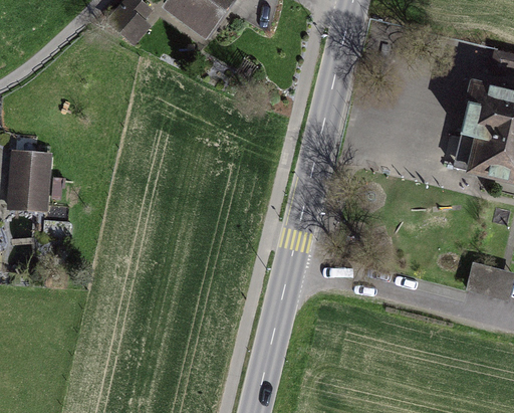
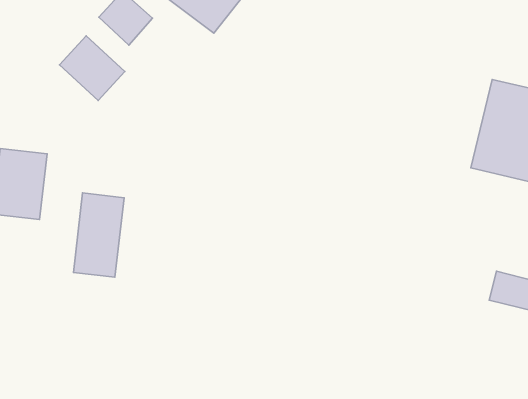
building: none -> [60,36,125,101]
building: none -> [73,193,124,277]

